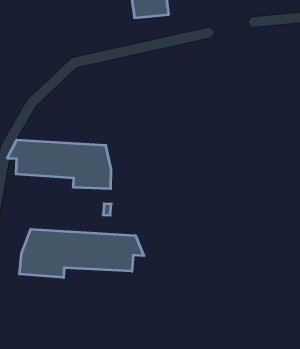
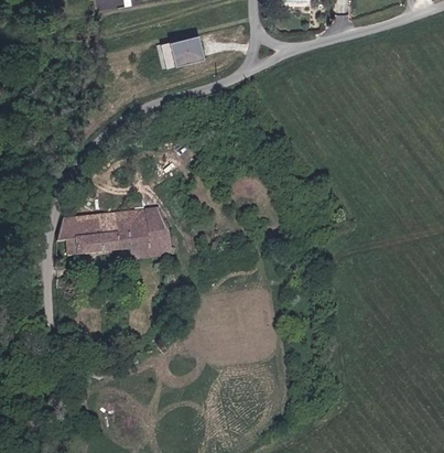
building: [19,229,144,278] -> none

